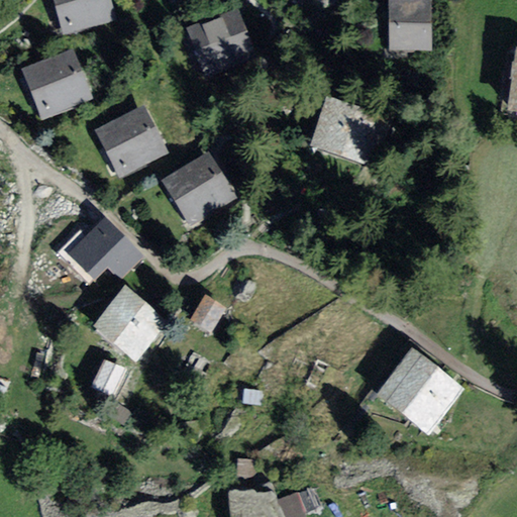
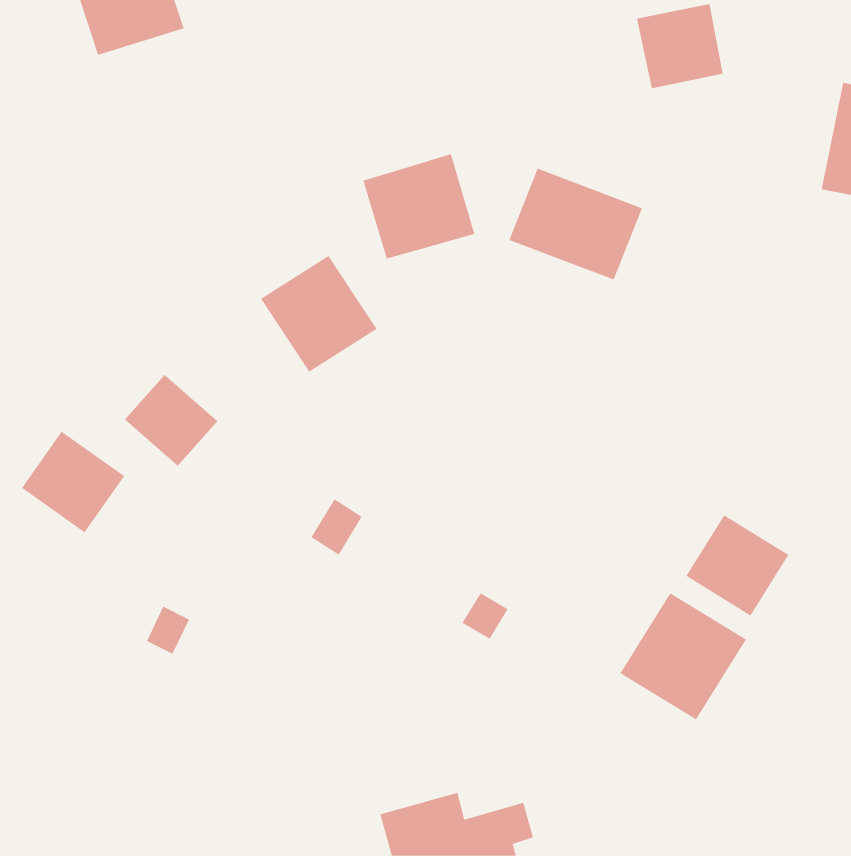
building: [187,15,254,79] -> [363,154,475,259]
building: [21,47,89,113] -> none
building: [101,108,169,174] -> none
building: [93,293,156,354] -> [21,431,125,533]
building: none -> [685,514,789,616]

